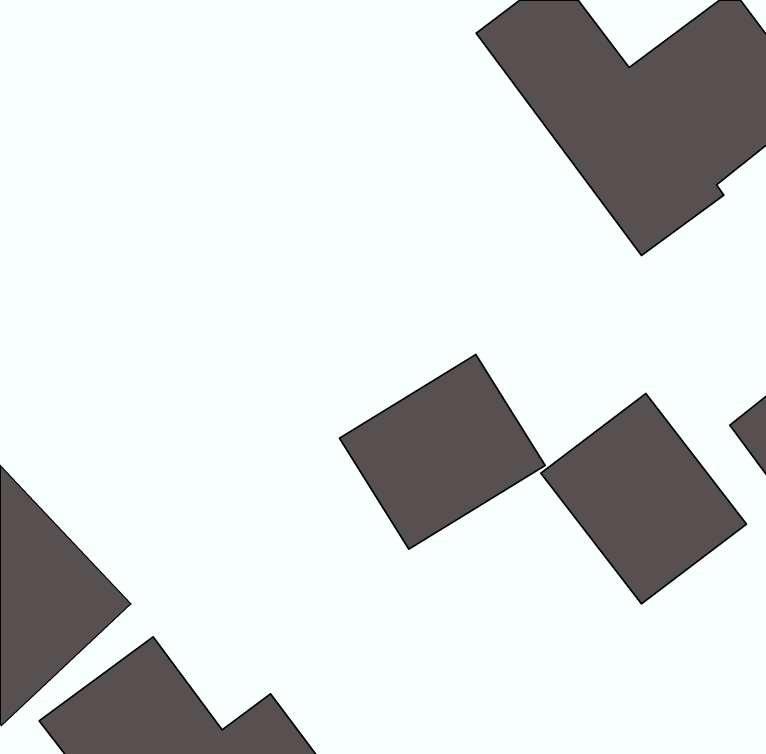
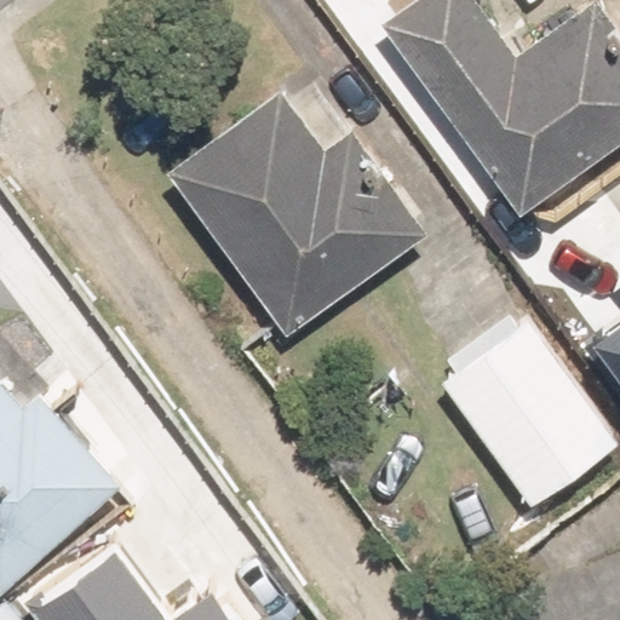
building: none -> [188,84,421,323]
building: [340,355,545,549] -> none

